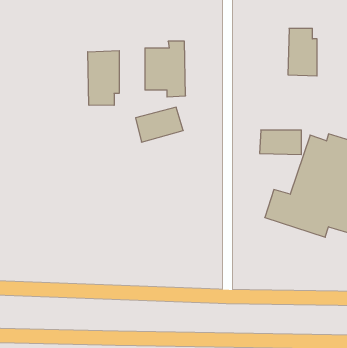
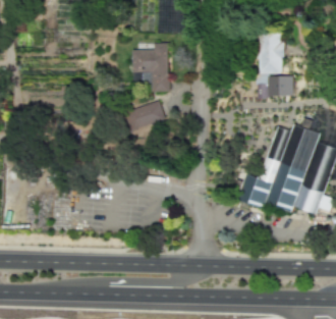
building: [88,51,119,105] -> none
building: [260,130,301,155] -> [257,75,293,97]

